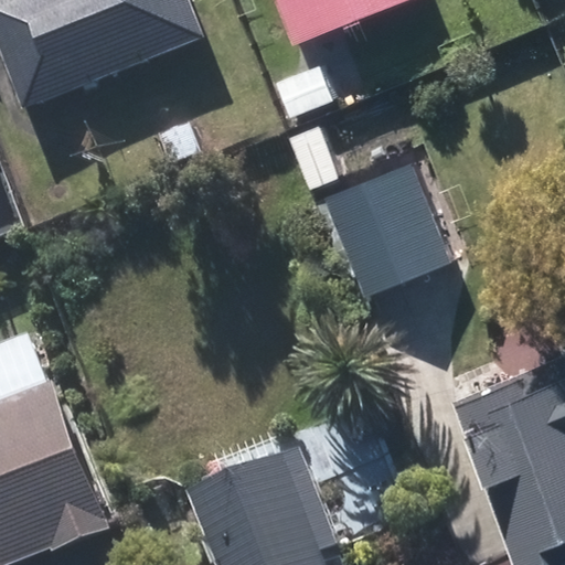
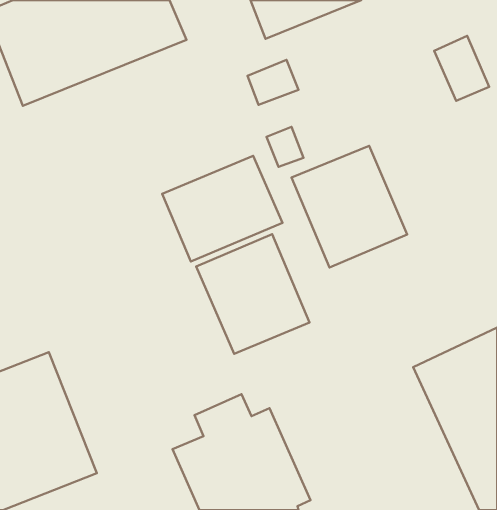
building: none -> [162,156,282,262]
building: none -> [196,234,310,354]

